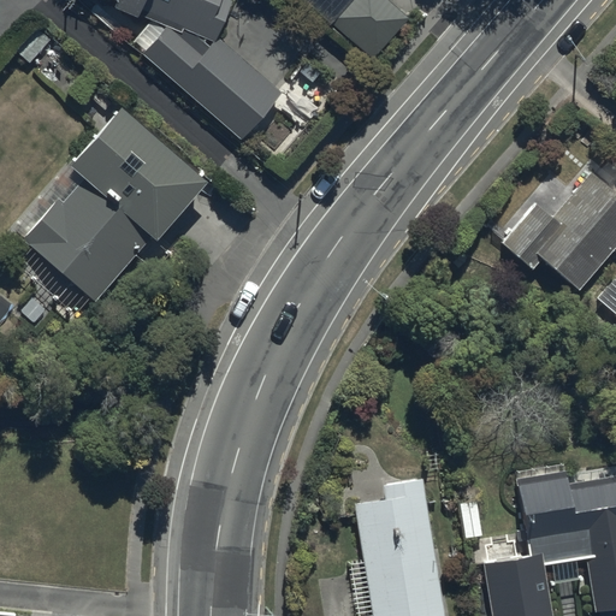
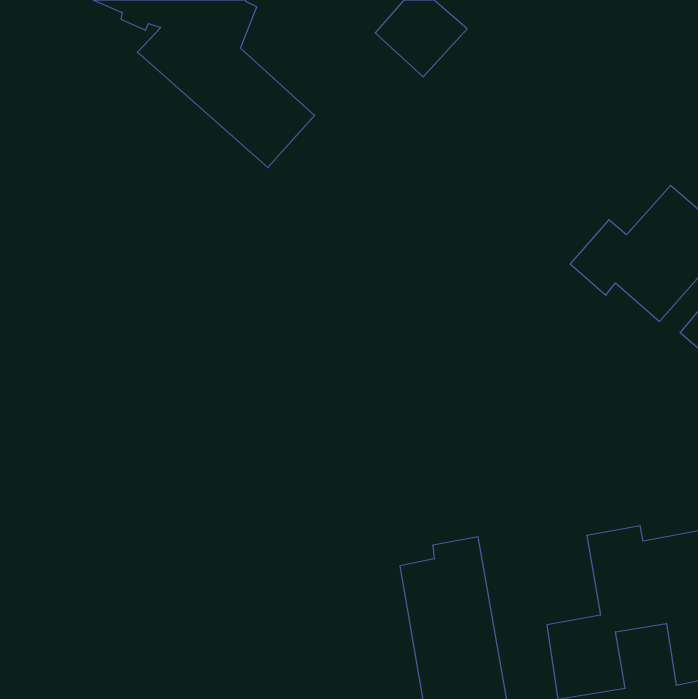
building: [22,111,206,298] -> none

